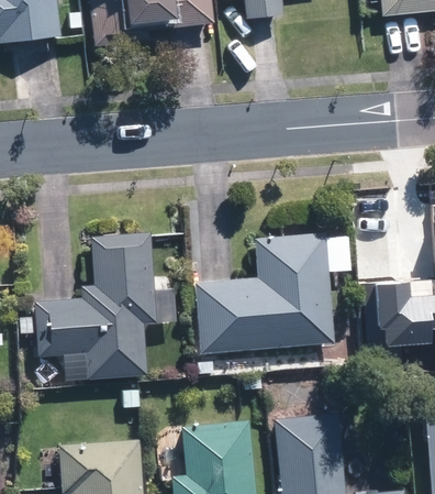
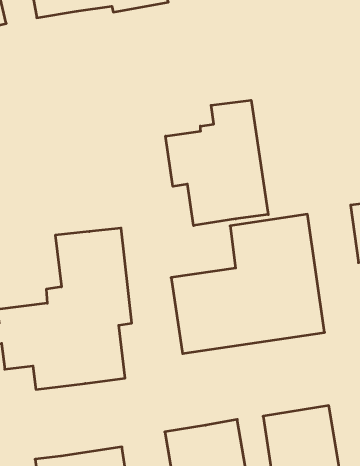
building: none -> [166,100,268,226]

